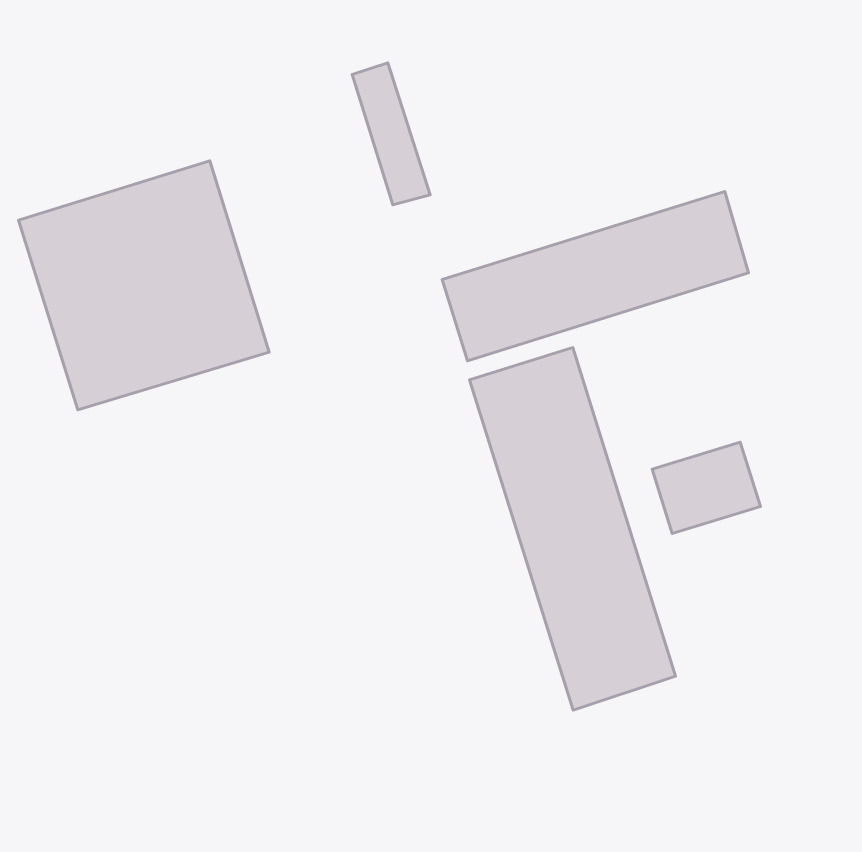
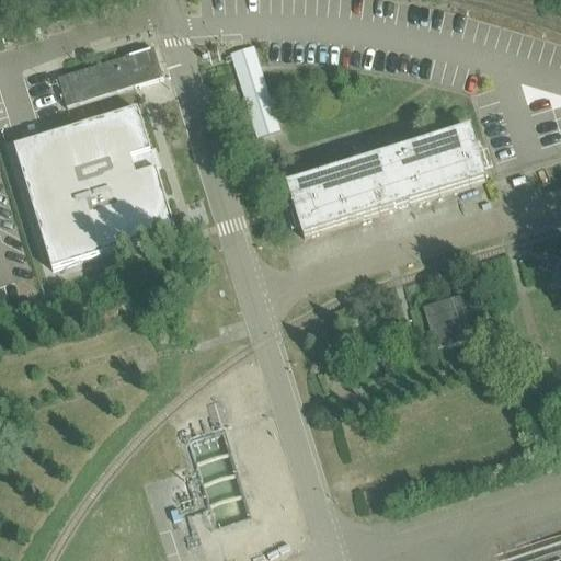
building: none -> [56,44,161,103]
building: [469,348,675,710] -> none

